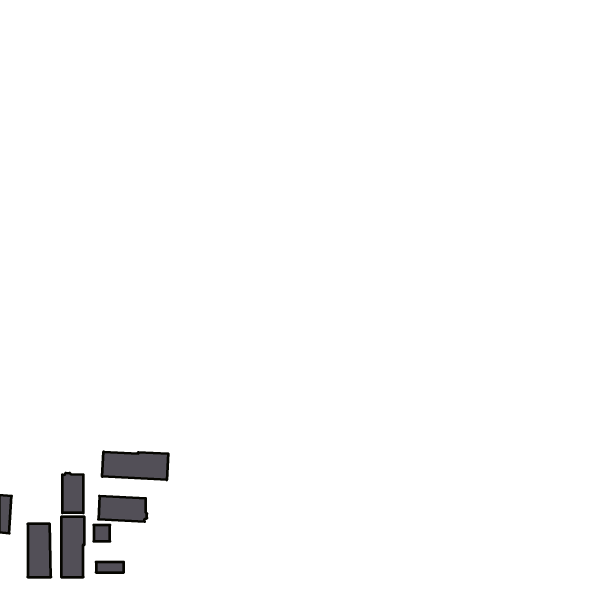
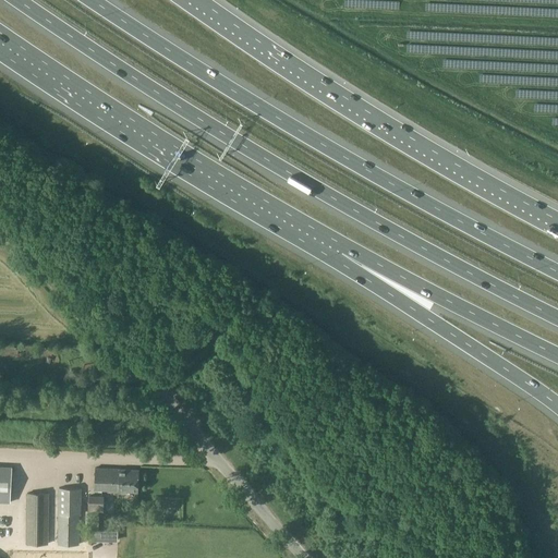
building: [102,452,168,480] -> none
building: [62,473,83,513] -> none

